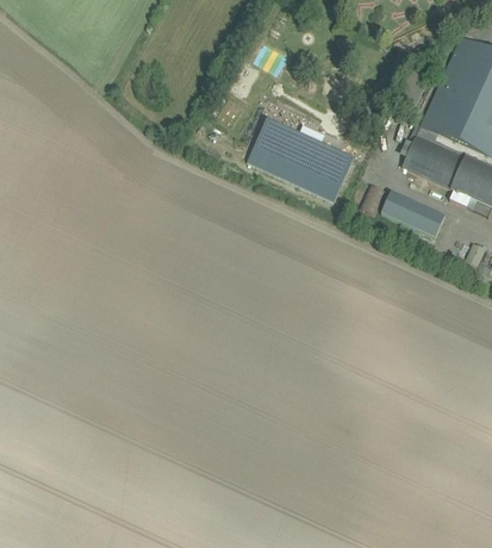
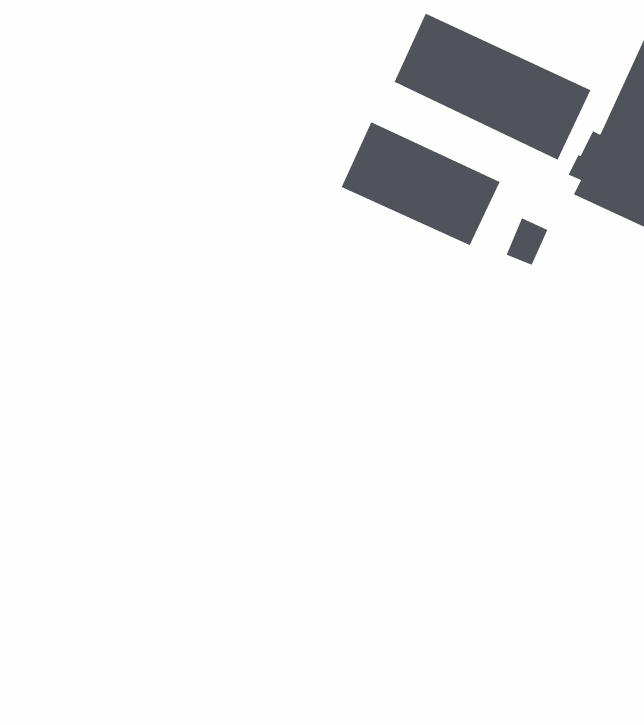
building: none -> [394,13,591,161]
building: [381,189,444,236] -> none

